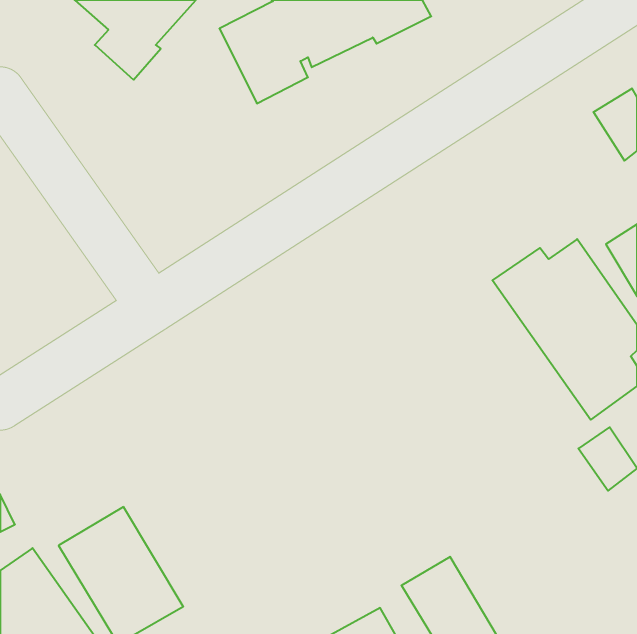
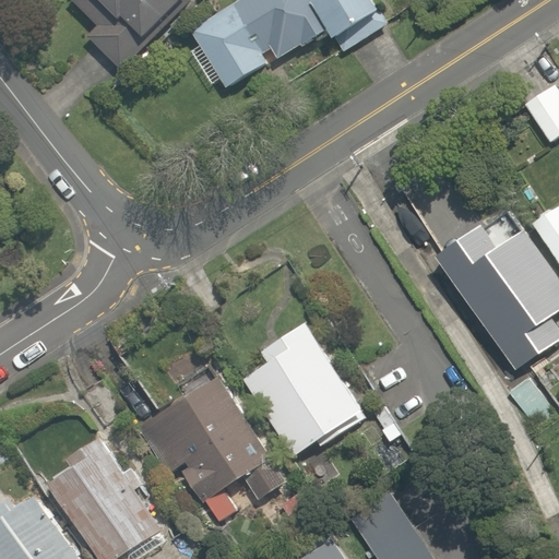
building: none -> [239,317,364,452]
building: none -> [130,370,285,523]

